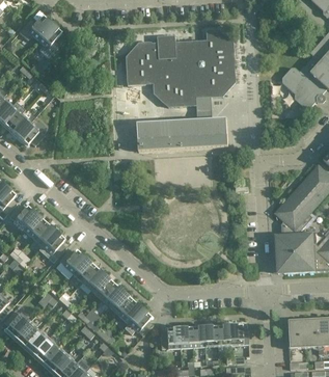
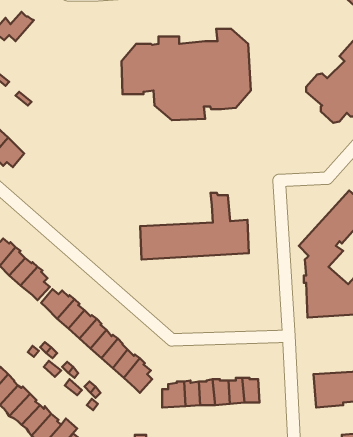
building: [37,22,61,57] -> none
building: [137,95,228,151] -> [140,193,249,259]

